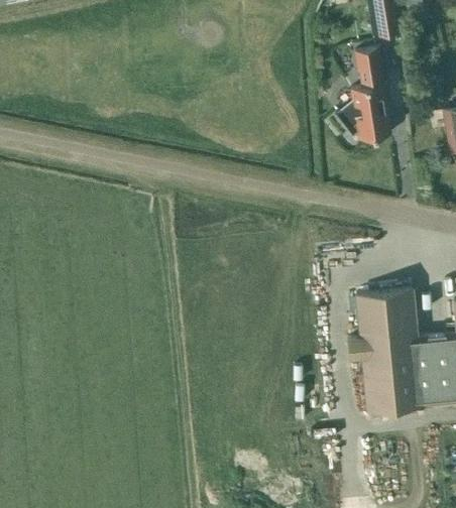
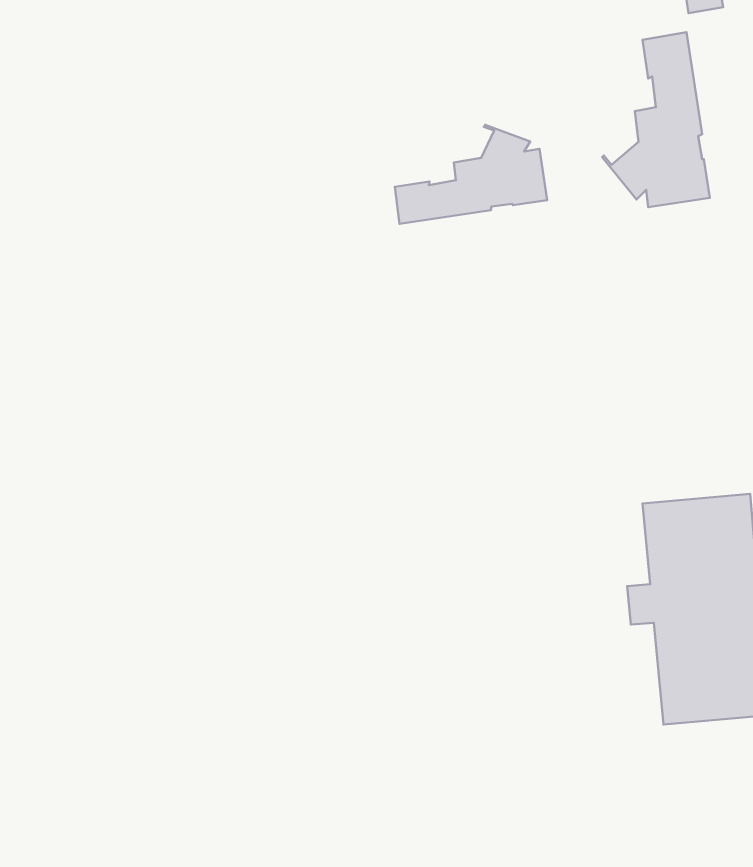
building: none -> [395,125,547,224]

